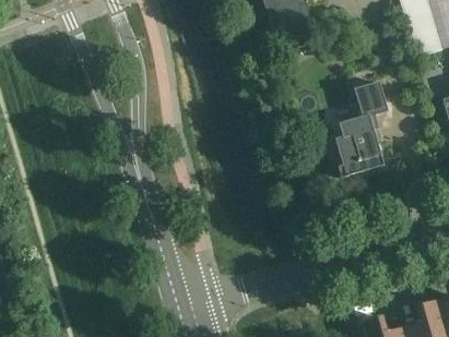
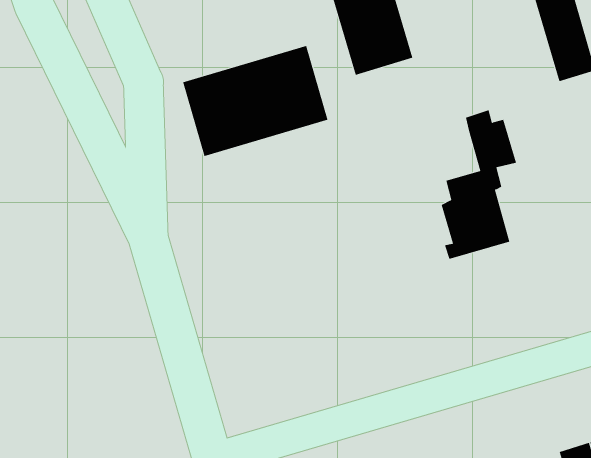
building: none -> [183,45,328,157]

